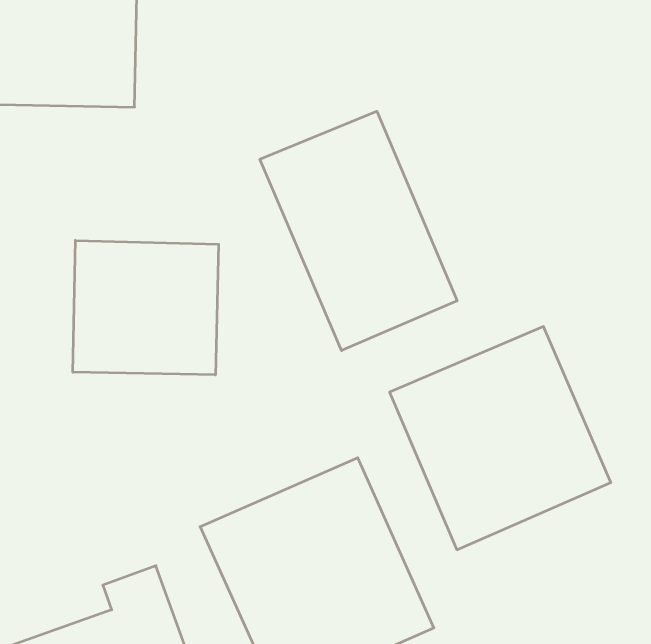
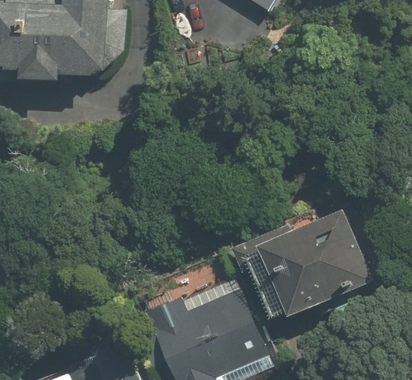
building: [260,111,457,351] -> none
building: [73,240,219,375] -> none

